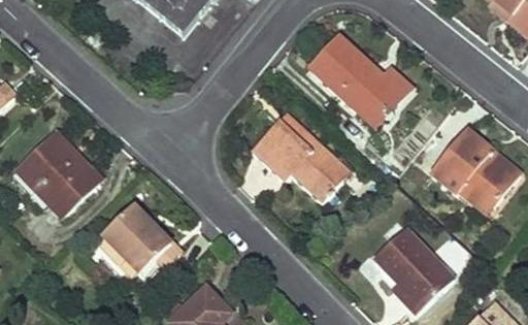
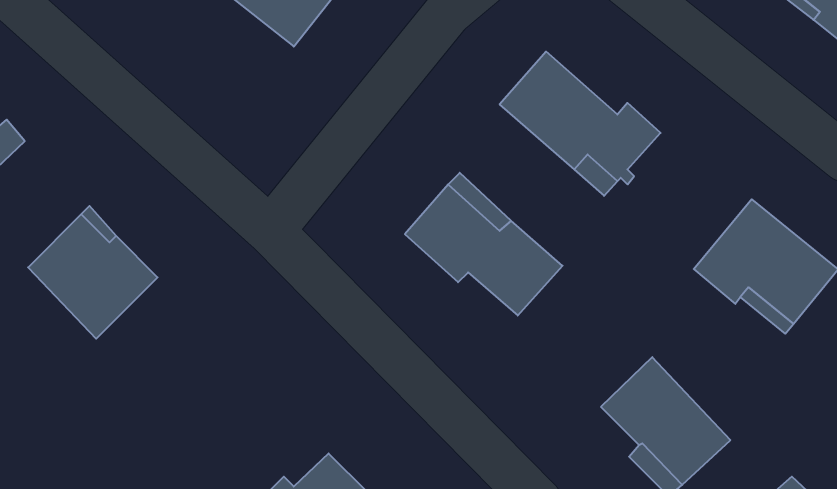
building: [89,203,179,282] -> none

